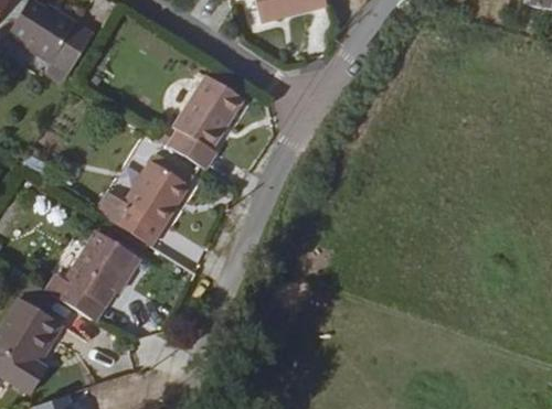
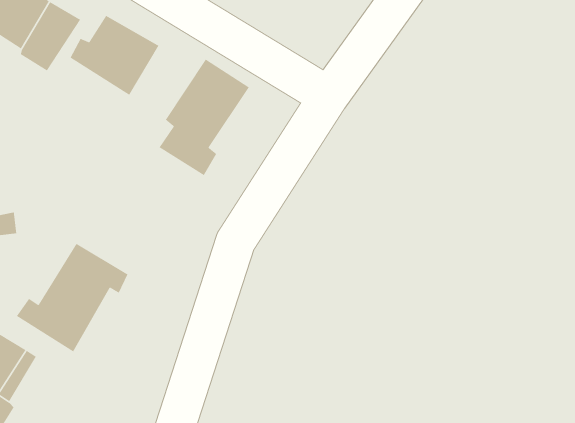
building: none -> [69,15,160,96]
building: [92,160,189,247] -> none

